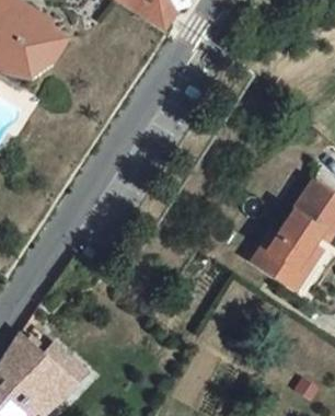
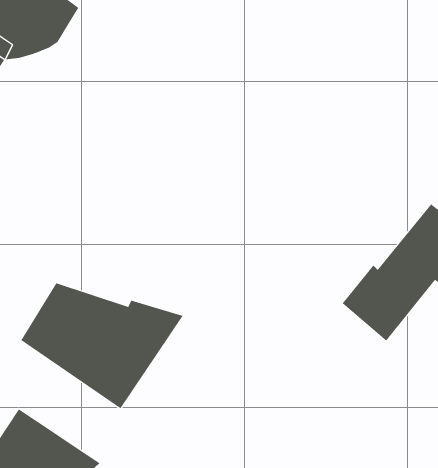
building: none -> [21,283,184,409]

